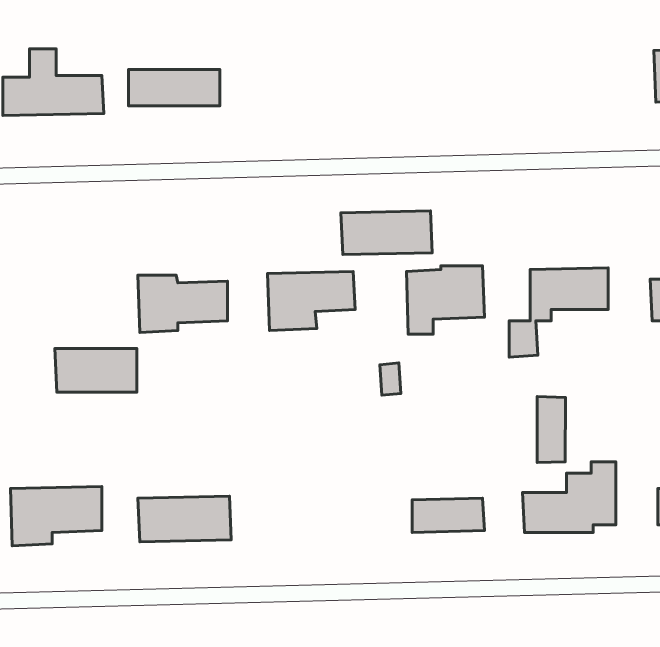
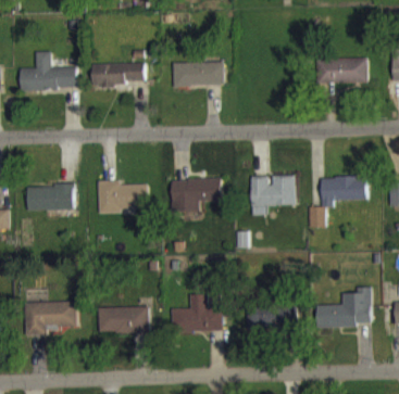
building: none -> [316,56,367,84]
building: [341,211,432,255] -> [172,61,224,86]
building: [55,348,137,392] -> [26,185,73,209]
building: [537,396,565,463] -> none
building: none -> [171,293,222,331]

